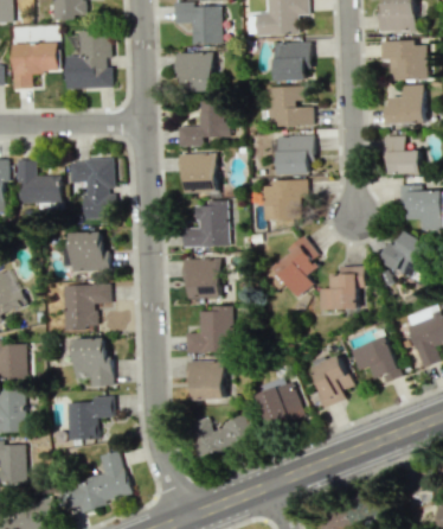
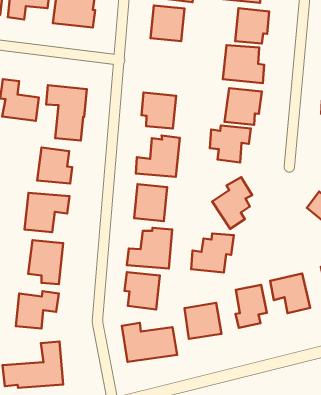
building: [178,100,229,146] -> none
building: [320,266,365,311] -> [191,233,234,272]

